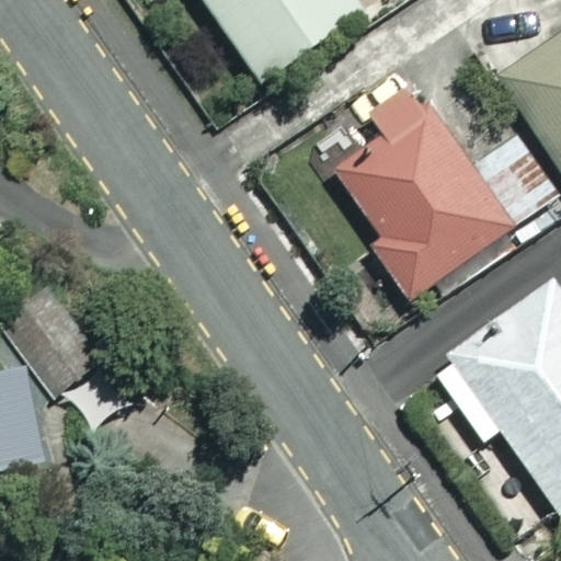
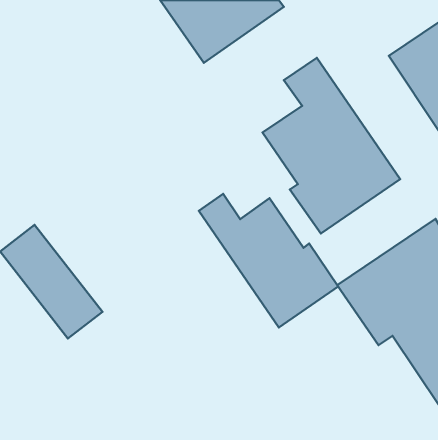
building: none -> [199,194,338,327]

